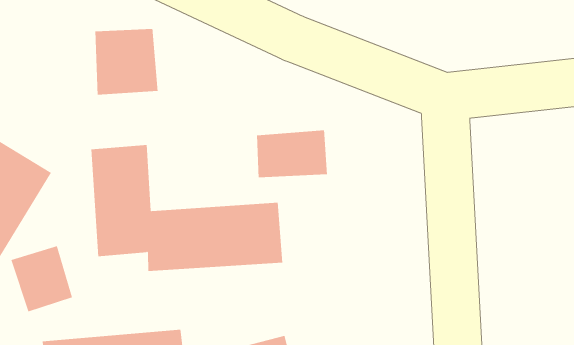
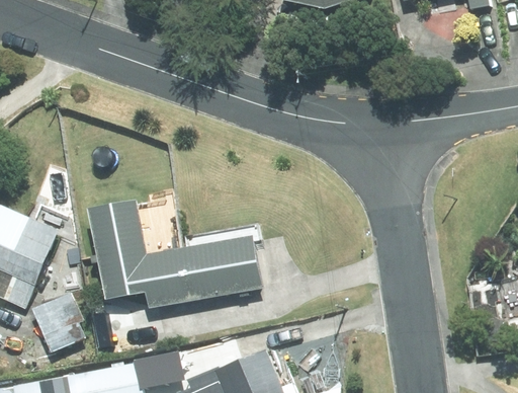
building: [95,28,158,95] -> none
building: [257,130,328,178] -> none

